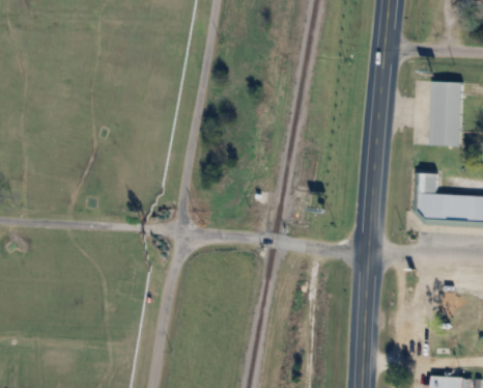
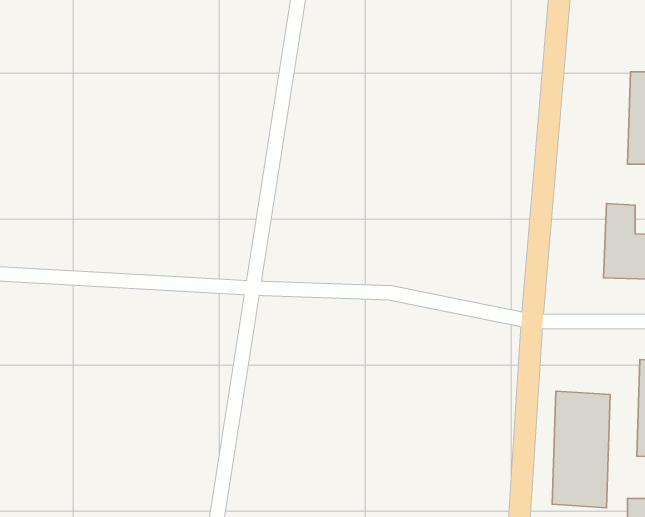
building: none -> [552,391,610,508]

